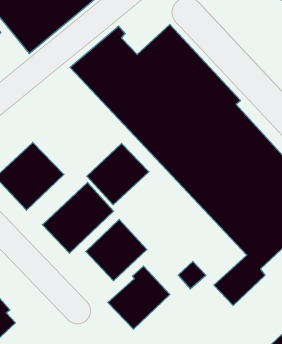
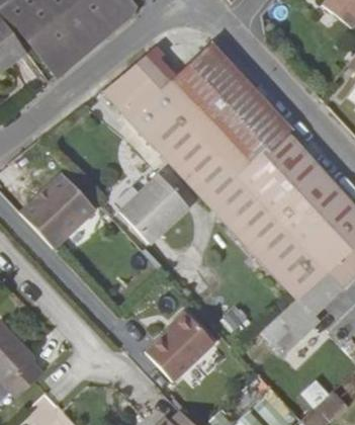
building: [42,182,114,253] -> none
building: [86,219,147,281] -> none

